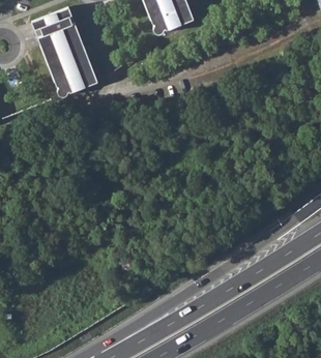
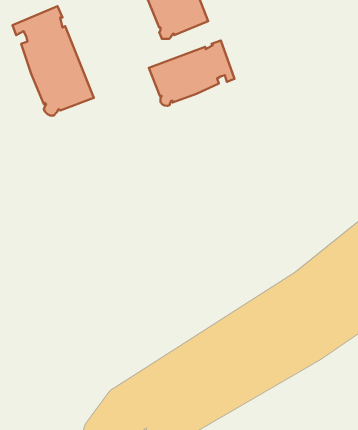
building: none -> [149,41,234,106]

